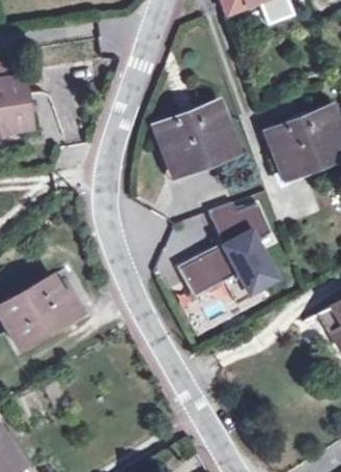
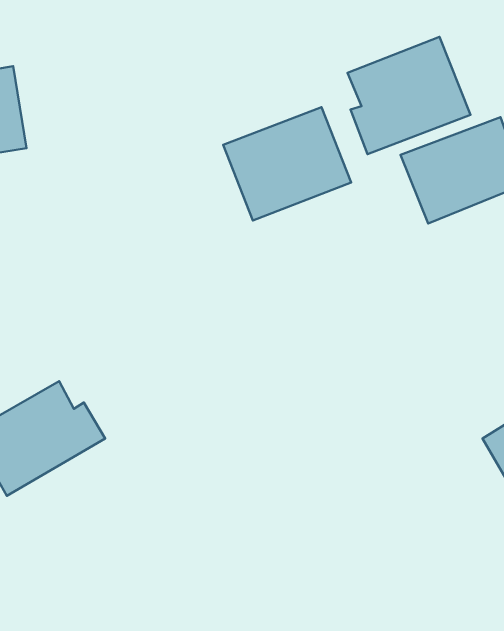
building: none -> [347,37,470,154]
building: [183,200,274,298] -> none

